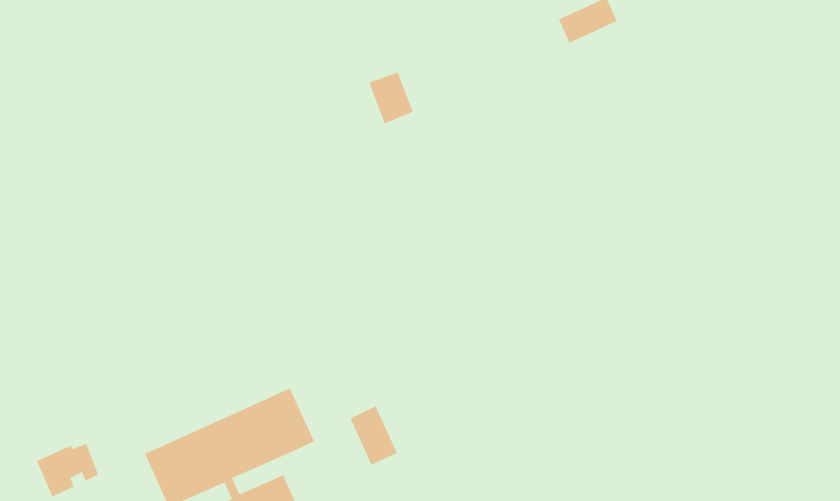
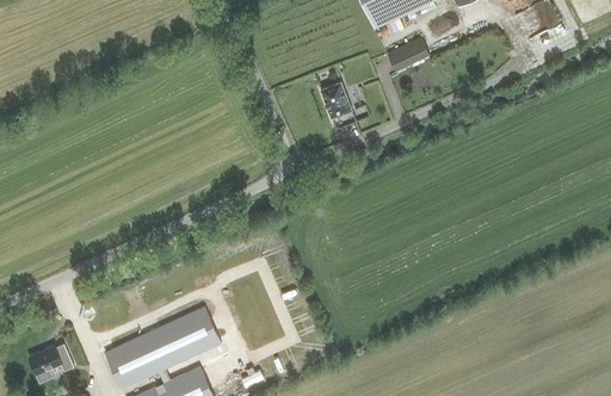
building: [368,72,414,124] -> [320,81,351,117]
building: [350,406,397,466] -> none

